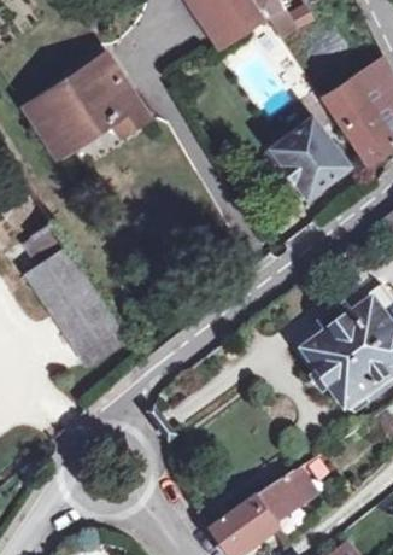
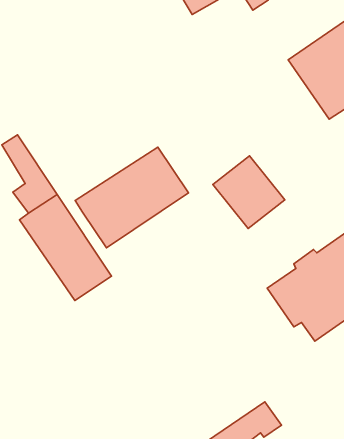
building: [28,57,146,154] -> none
building: [268,118,346,198] -> [213,156,285,229]
building: none -> [75,147,188,248]

